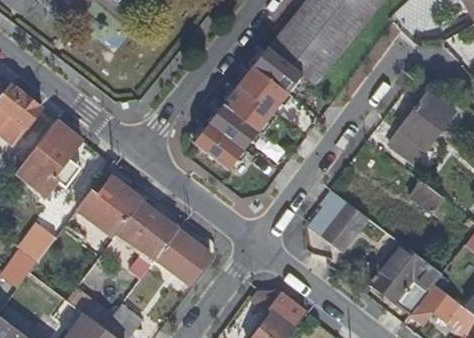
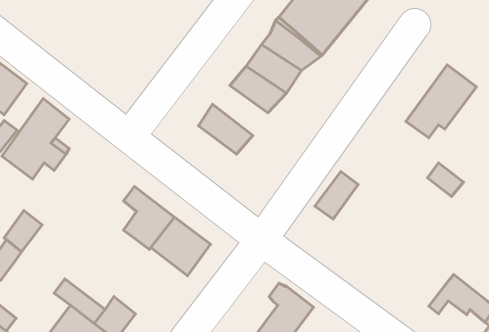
building: [212,109,263,155] -> none
building: [85,175,142,242] -> none
building: [322,200,367,248] -> none
building: [369,240,442,300] -> none

